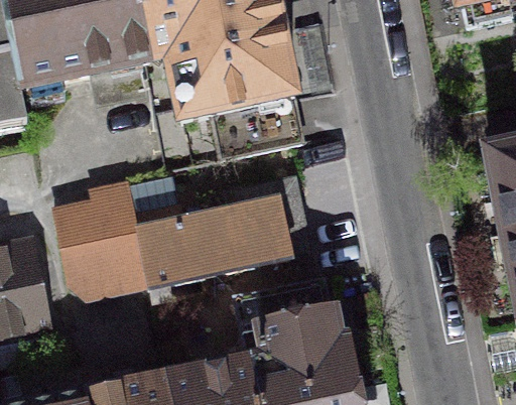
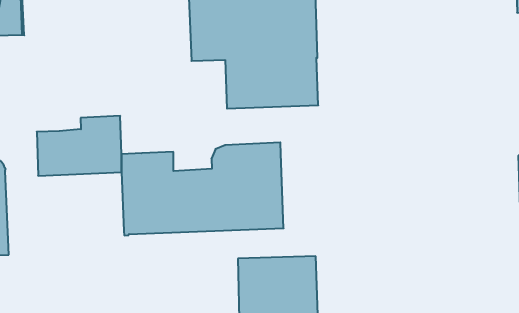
building: [61,233,147,298] -> none

